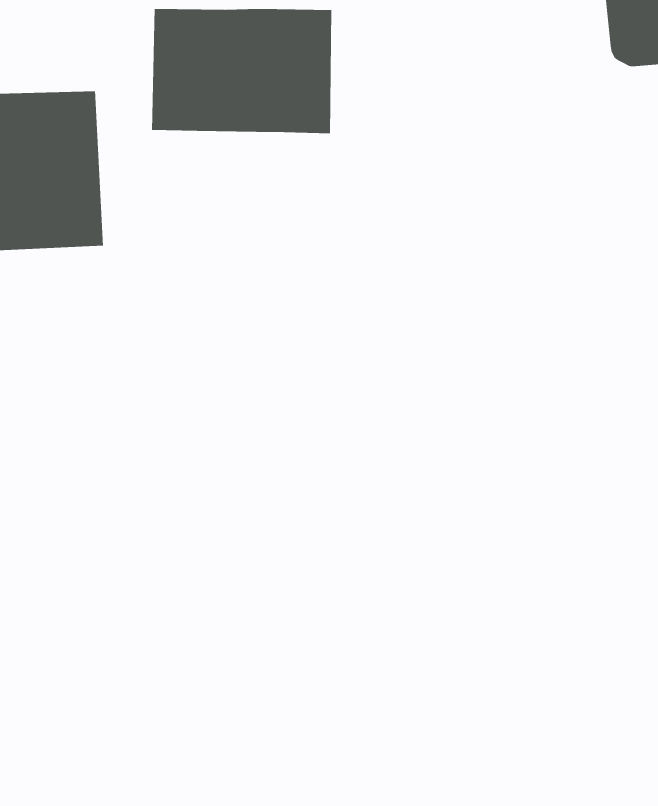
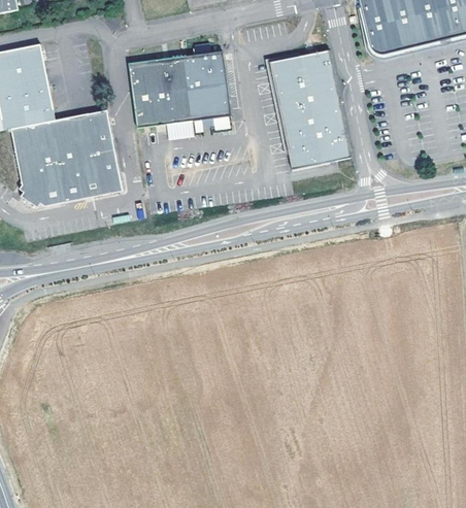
building: none -> [268,48,352,170]

